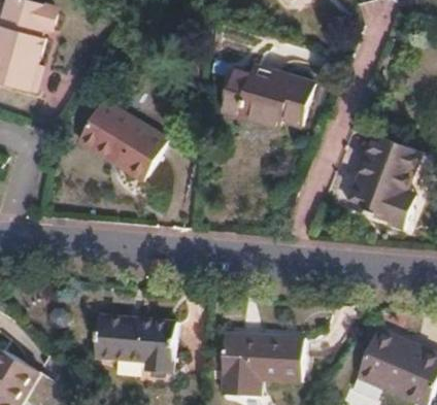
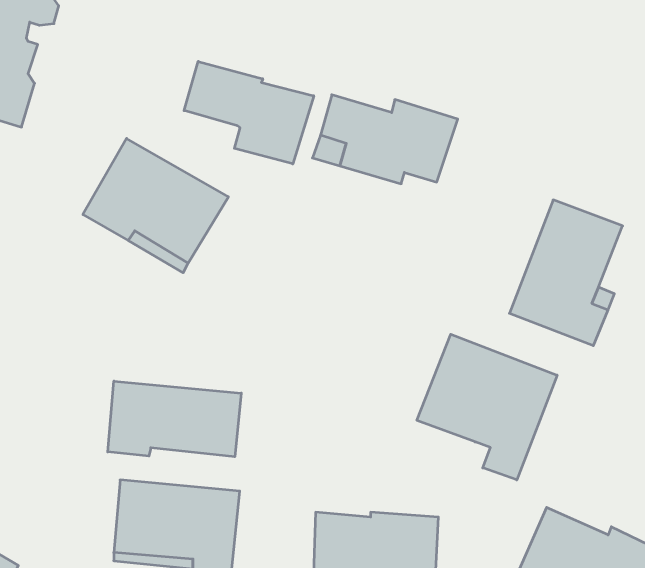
building: none -> [184,61,314,164]
building: none -> [417,334,557,480]
building: none -> [108,381,241,457]

